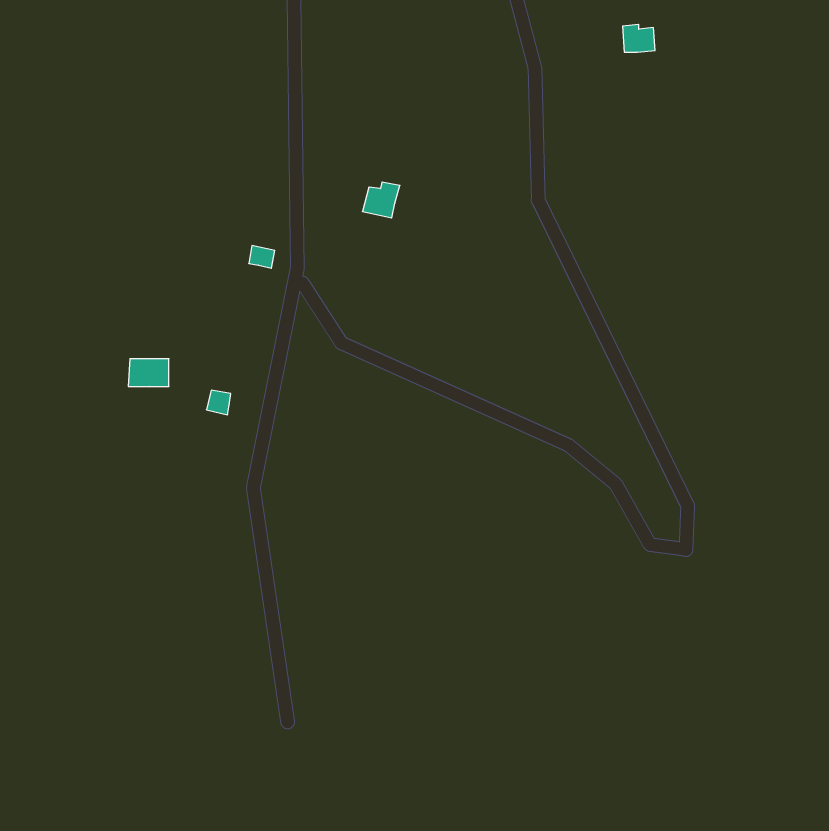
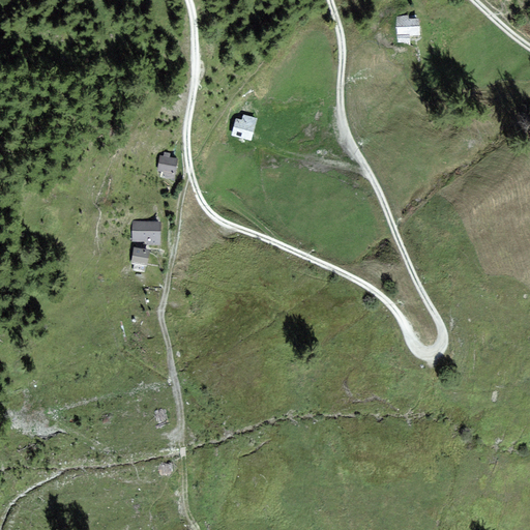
building: [128,359,169,386] -> [132,223,158,240]

